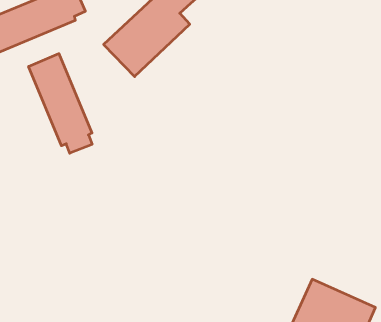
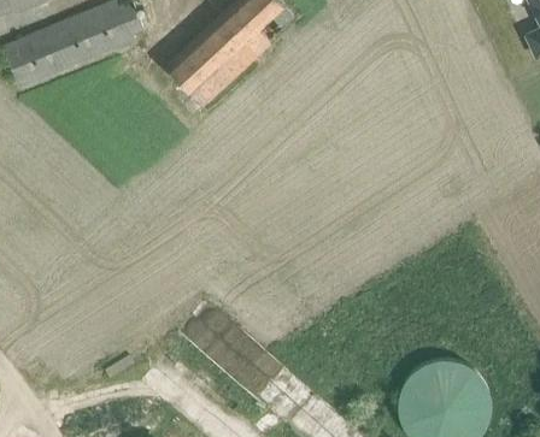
building: [29,54,92,153] -> none

